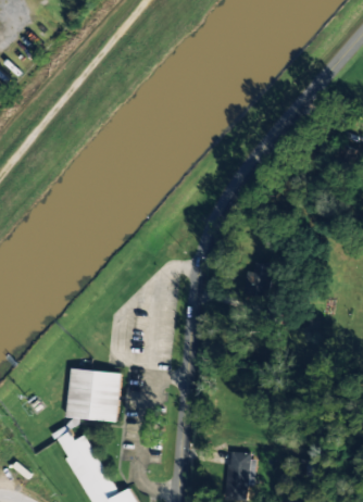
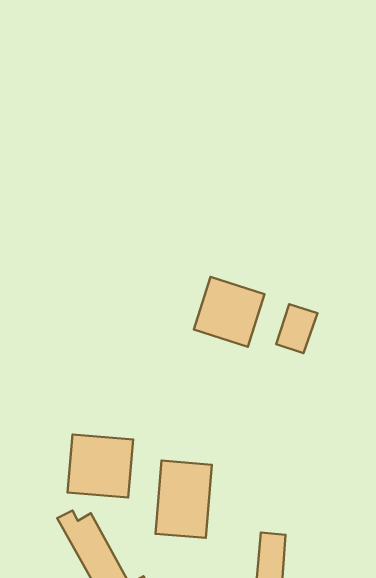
building: none -> [194,277,265,347]
building: none -> [155,460,212,538]

